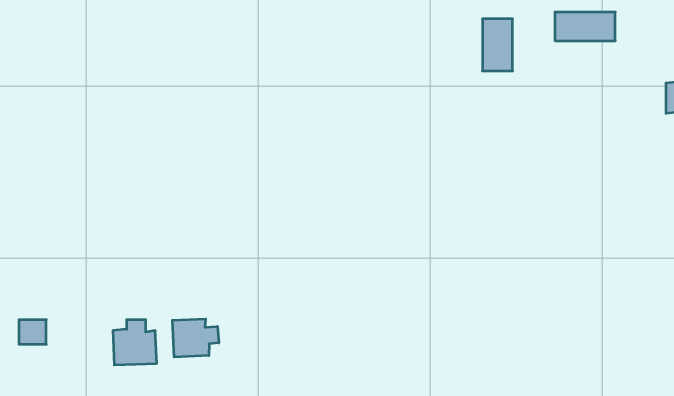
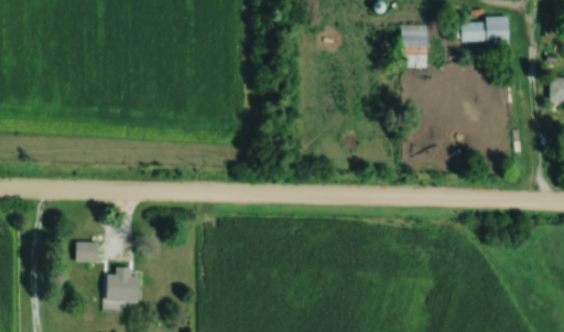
building: [172,319,219,357] -> none
building: [19,320,46,344] -> [76,243,98,263]

